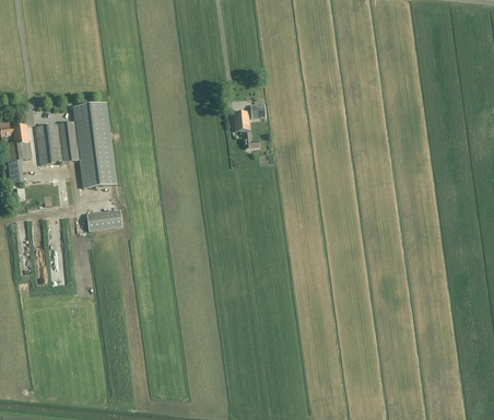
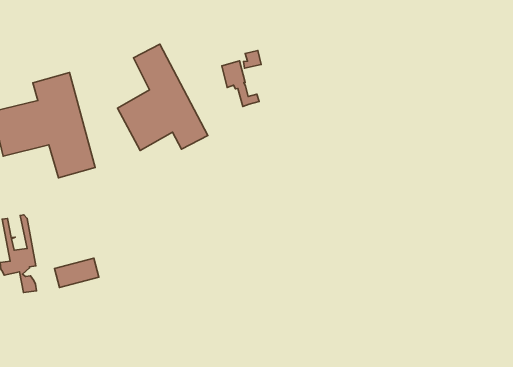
building: none -> [117,44,208,150]
building: [85,209,121,230] -> [55,258,99,288]

